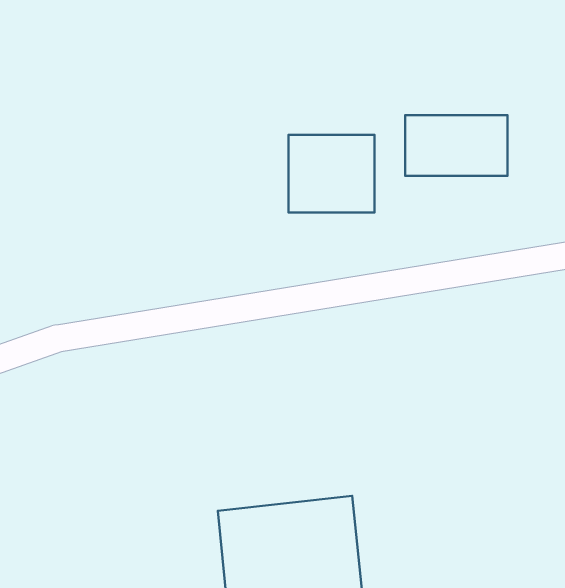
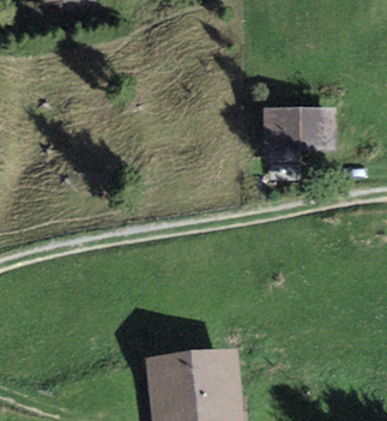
building: [289,135,375,212] -> none

